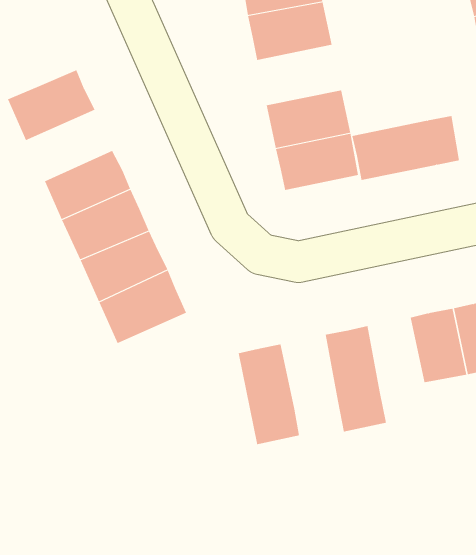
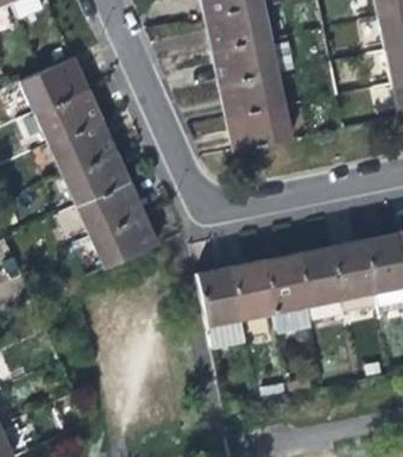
building: none -> [36,89,102,144]
building: [352,116,460,181] -> [213,36,296,86]
building: none -> [298,249,341,306]
building: none -> [232,262,275,319]

